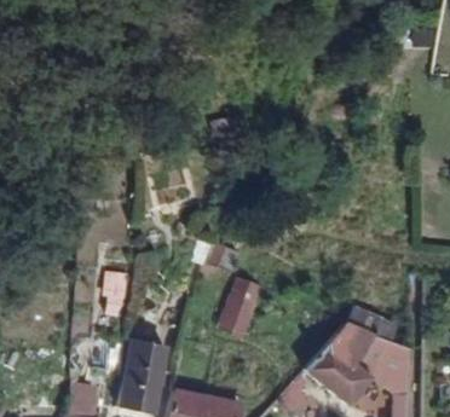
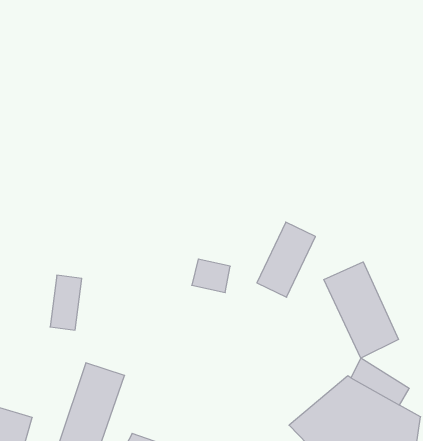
building: none -> [324,262,398,358]
building: [224,276,266,336] -> [257,222,315,297]

